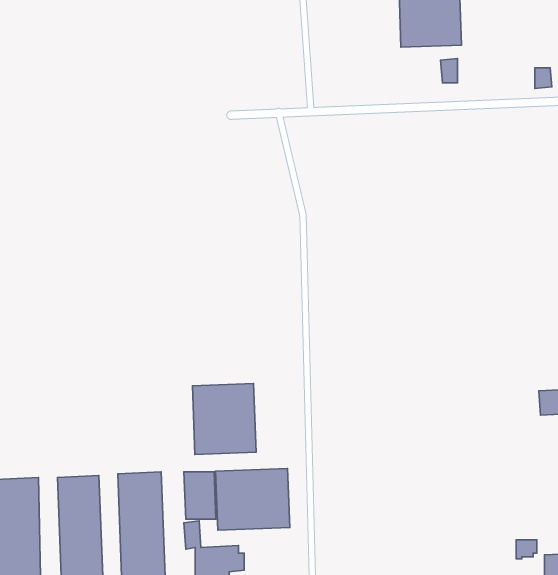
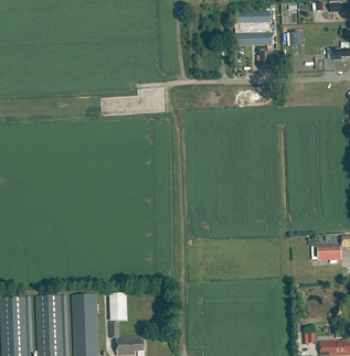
building: [192,384,256,454] -> none
building: [215,468,290,530] -> none

